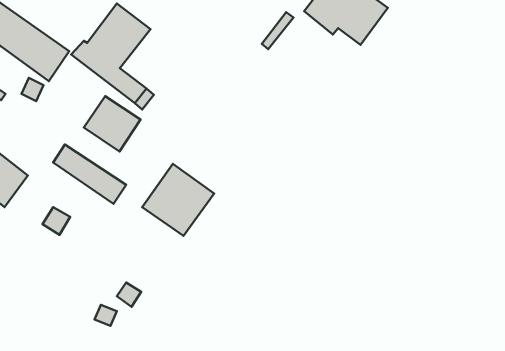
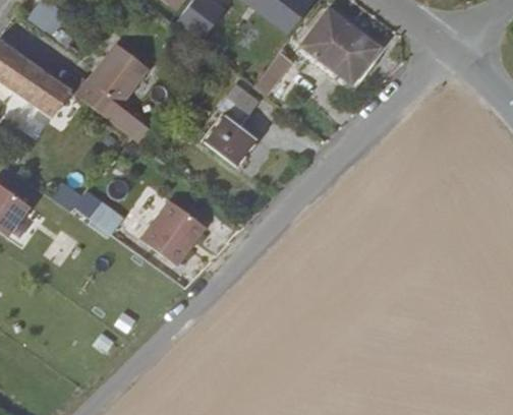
building: none -> [202,84,258,167]
building: [84,96,141,151] -> none

